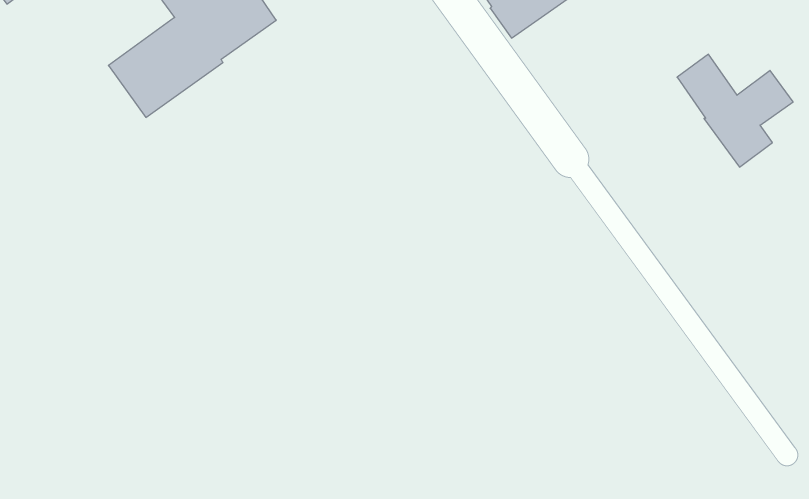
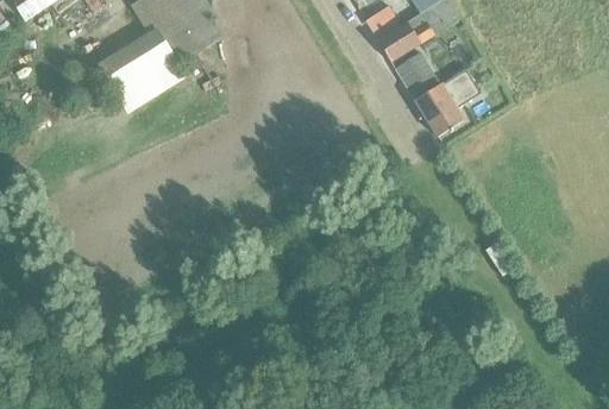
building: [677,54,793,167] -> [396,52,479,136]

